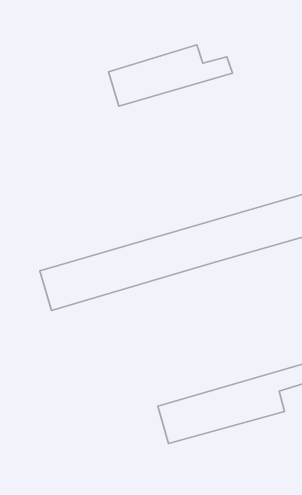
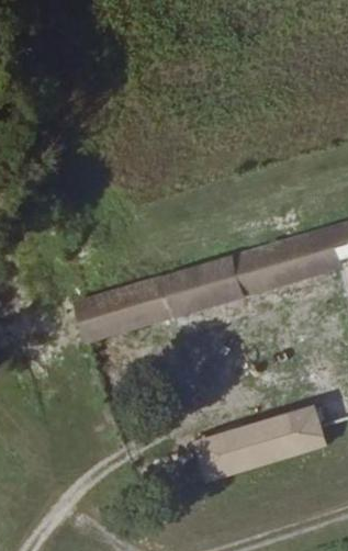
building: [109,45,232,106] -> none

